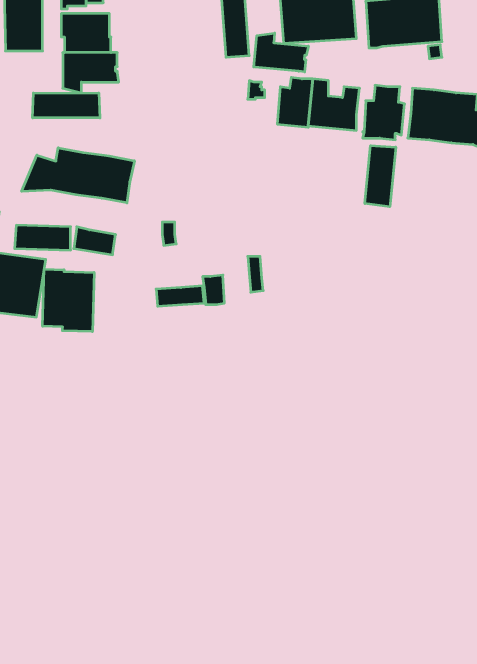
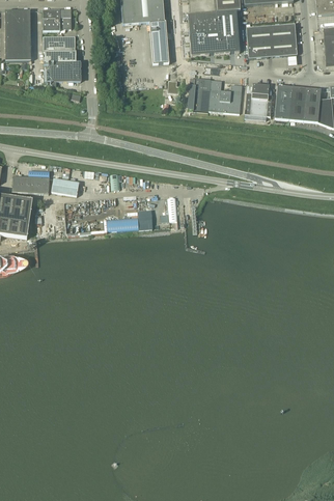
building: [254,33,308,72] -> none
building: [33,93,100,118] -> none
building: [365,146,396,207] -> none
building: [22,148,134,203] -> none
building: [43,269,94,332] -> none

